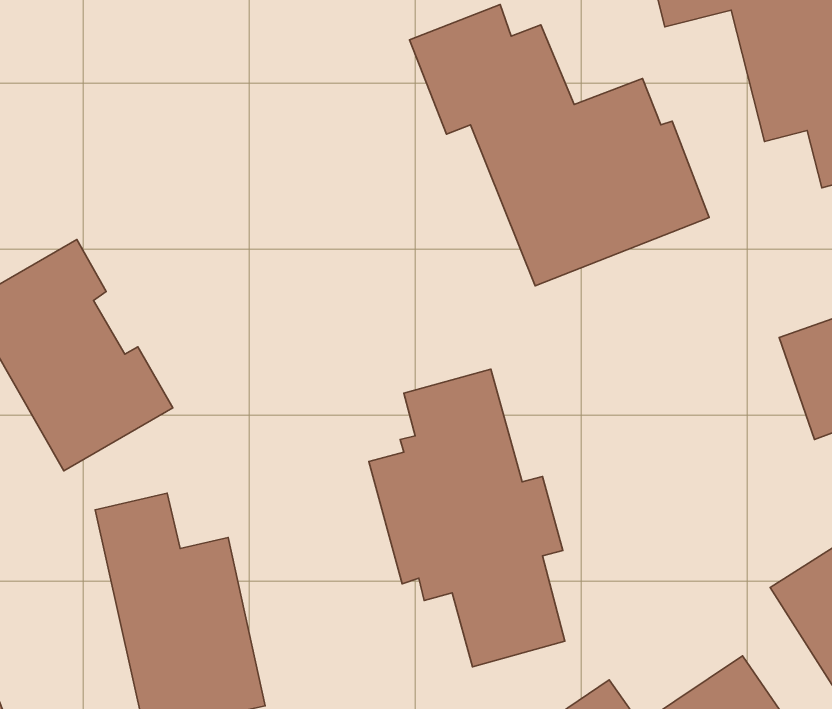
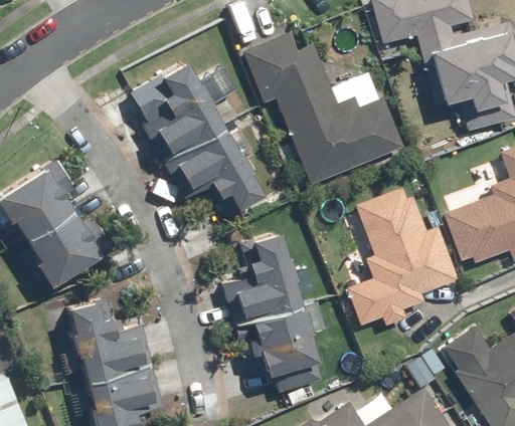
building: none -> [140,60,267,217]
building: none -> [344,186,459,328]

